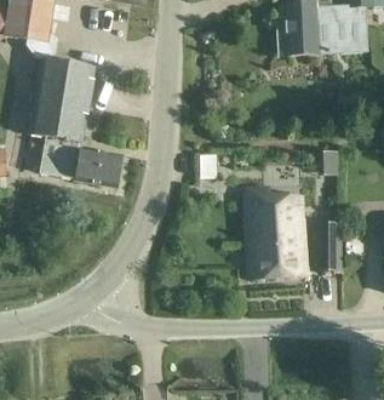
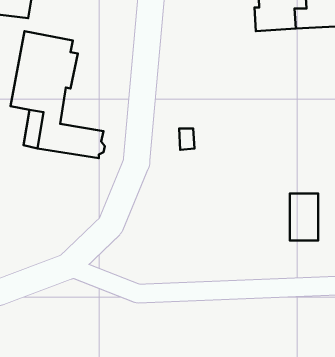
building: [245,184,308,279] -> none

